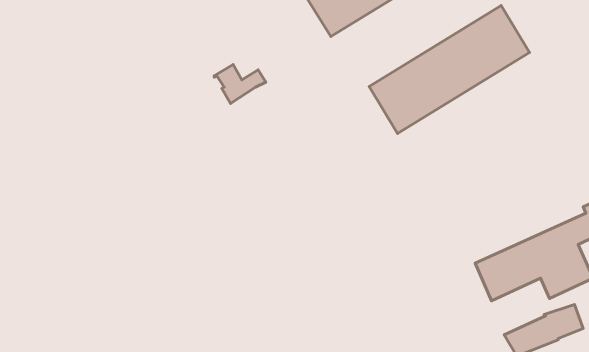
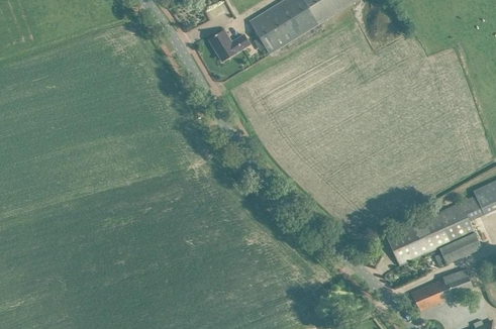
building: [369,6,530,134] -> none
building: [214,65,266,104] -> [208,29,250,61]

